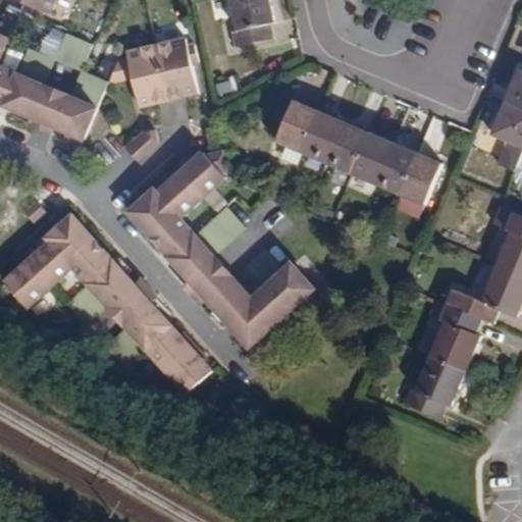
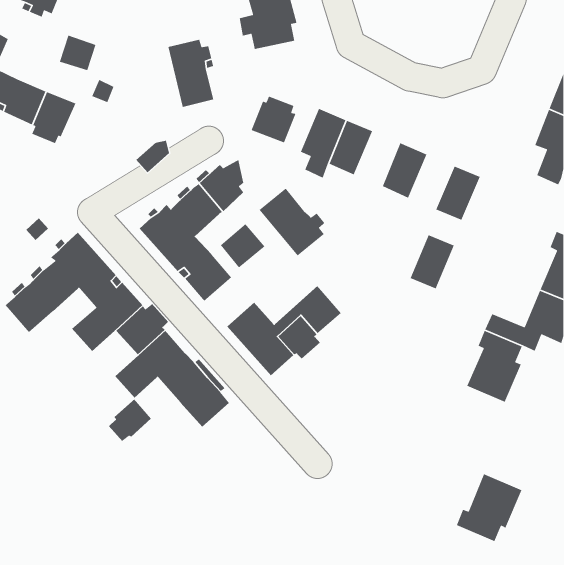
building: [106,43,167,106] -> none
building: none -> [251,96,296,144]
building: [56,95,96,138] -> none
building: [325,120,367,171] -> none
building: [375,142,417,193] -> [409,234,455,290]
building: none -> [258,187,325,257]
building: [184,255,233,303] -> none
building: [403,355,464,418] -> [456,473,523,542]
building: none -> [108,398,152,442]

